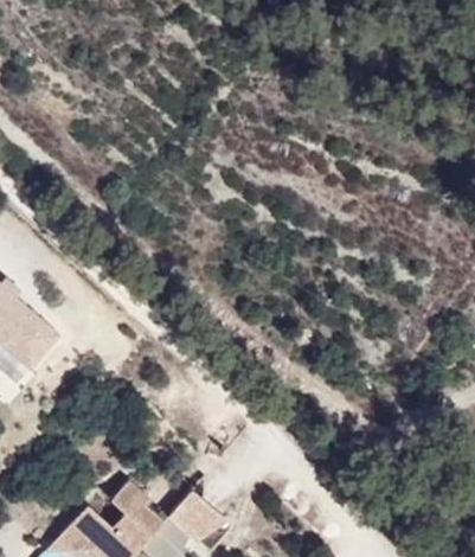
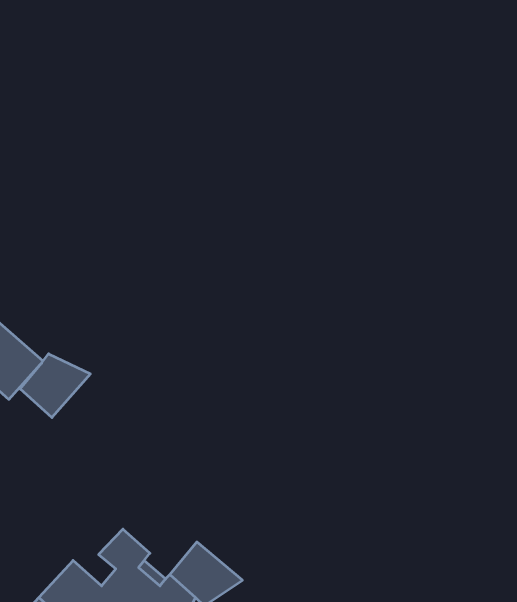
building: none -> [20,354,90,418]

